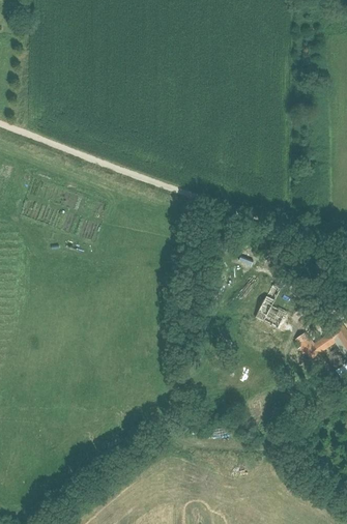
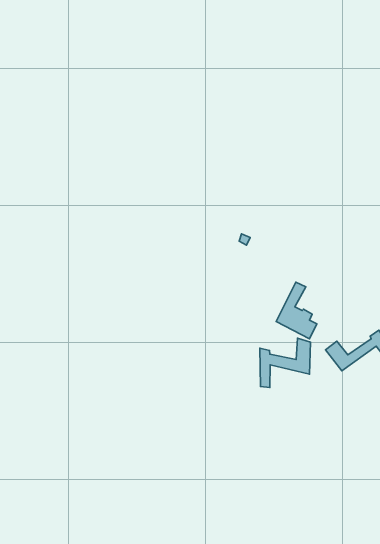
building: none -> [260,338,310,388]

